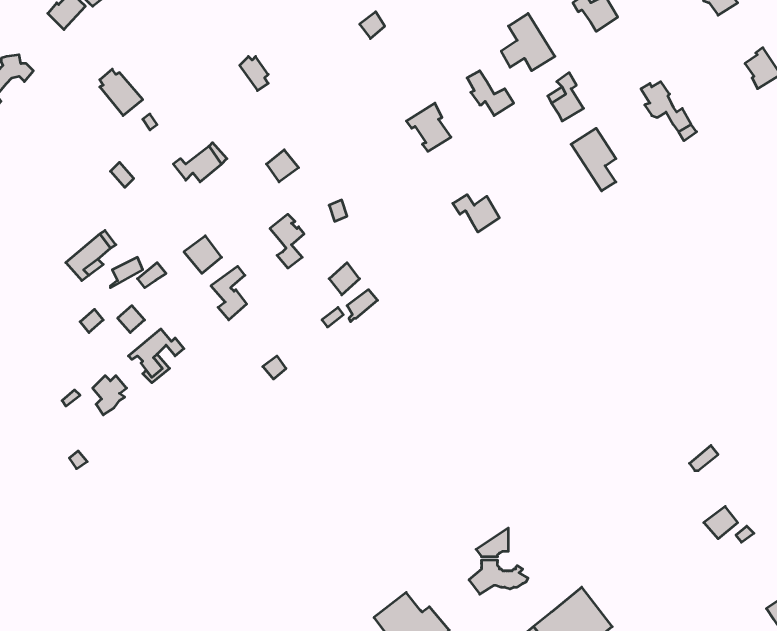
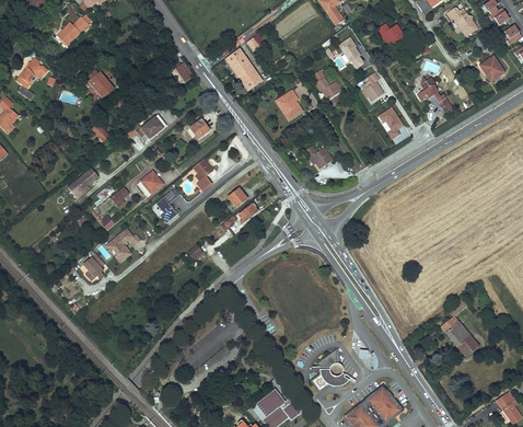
building: none -> [225,48,263,90]
building: none -> [441,316,470,346]

